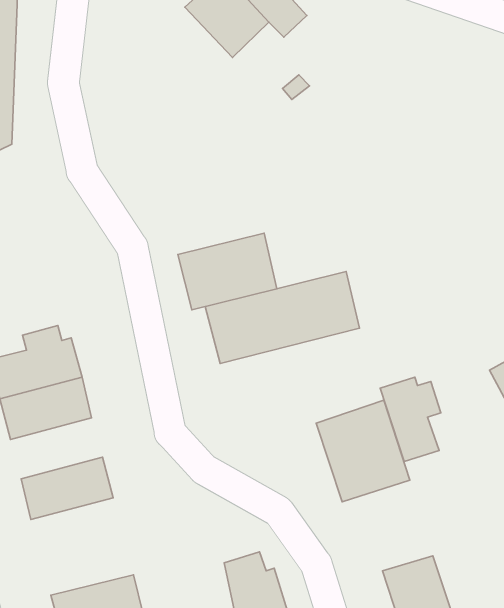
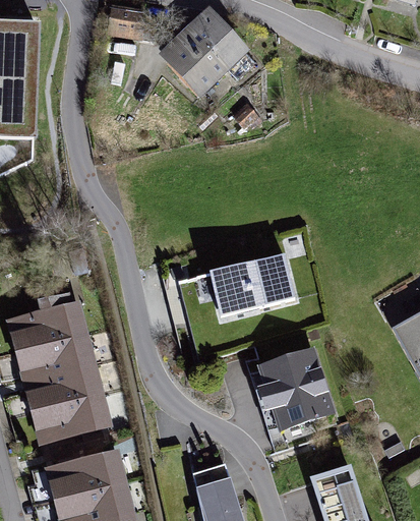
building: [178,233,277,310] -> none
building: [380,377,441,461] -> none
building: none -> [32,362,101,408]
building: none -> [54,450,124,496]

